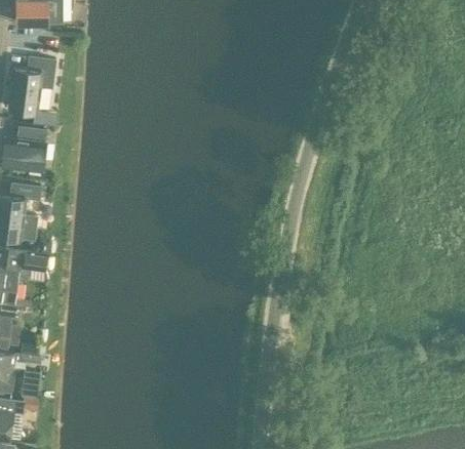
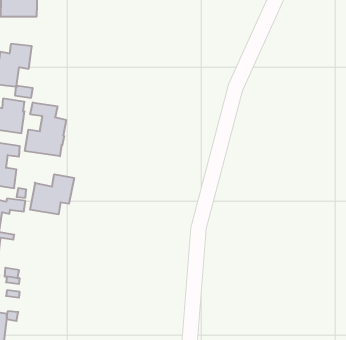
building: none -> [25,102,66,156]
building: none -> [30,174,74,214]

